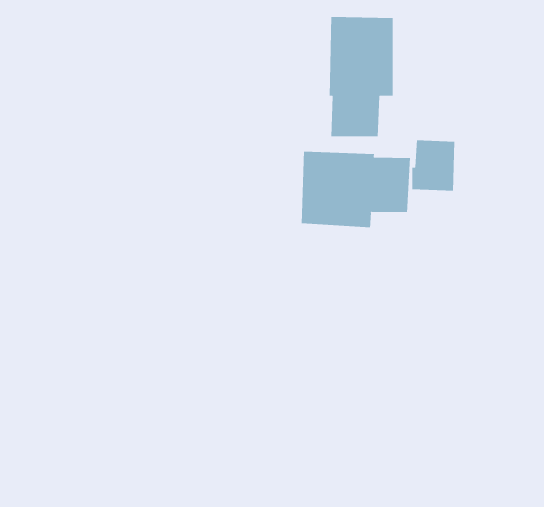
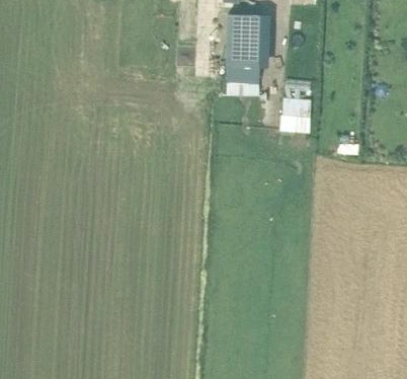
building: [301,151,410,228] -> none

